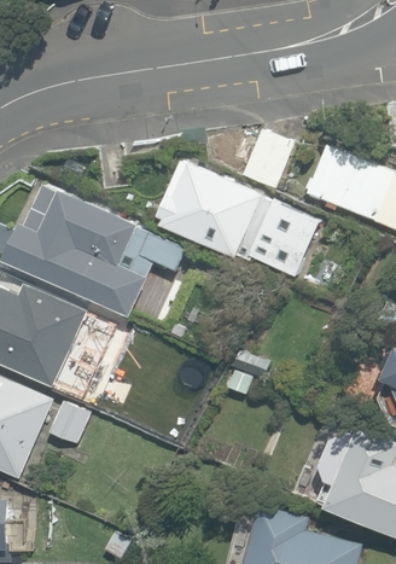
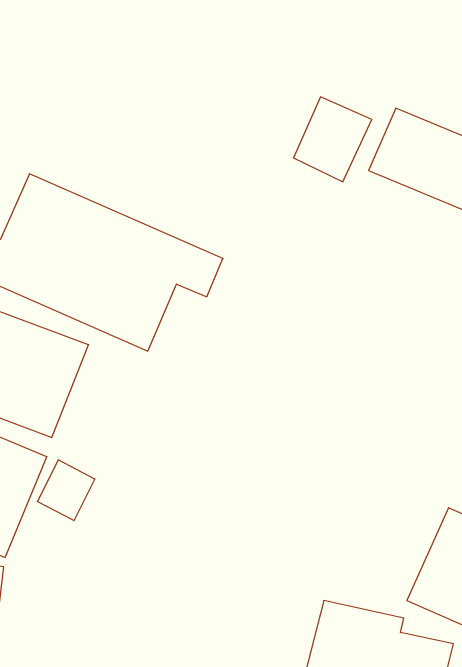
building: [153,158,310,281] -> none

